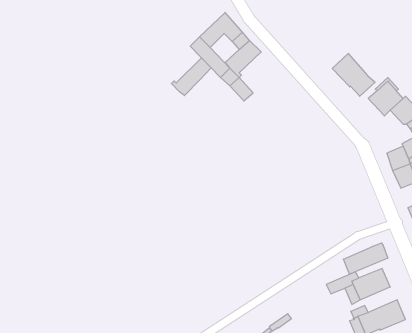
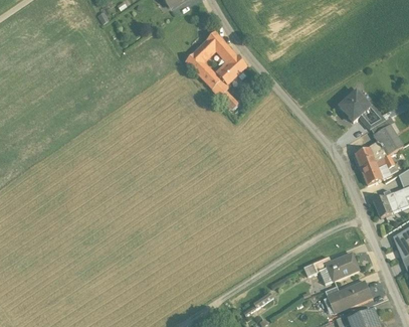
building: [332,53,375,96] -> none
building: [171,58,211,96] -> none
building: [343,243,388,274] -> none

